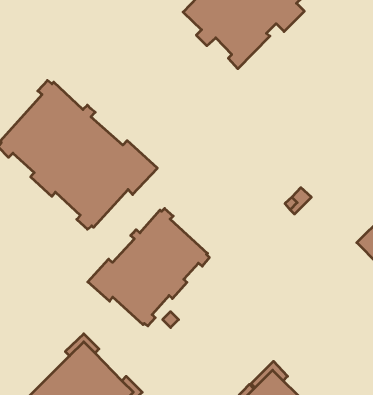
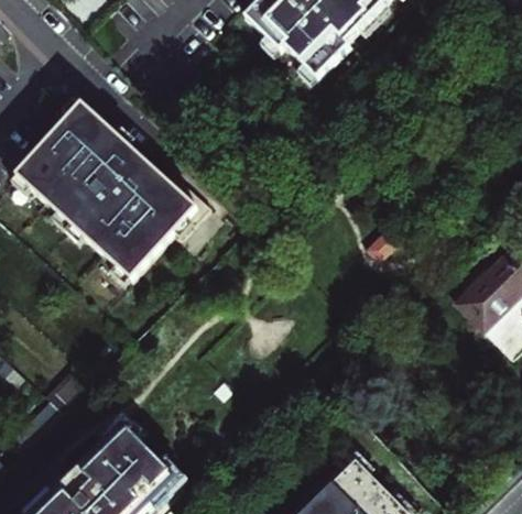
building: [88,208,209,326] -> none

